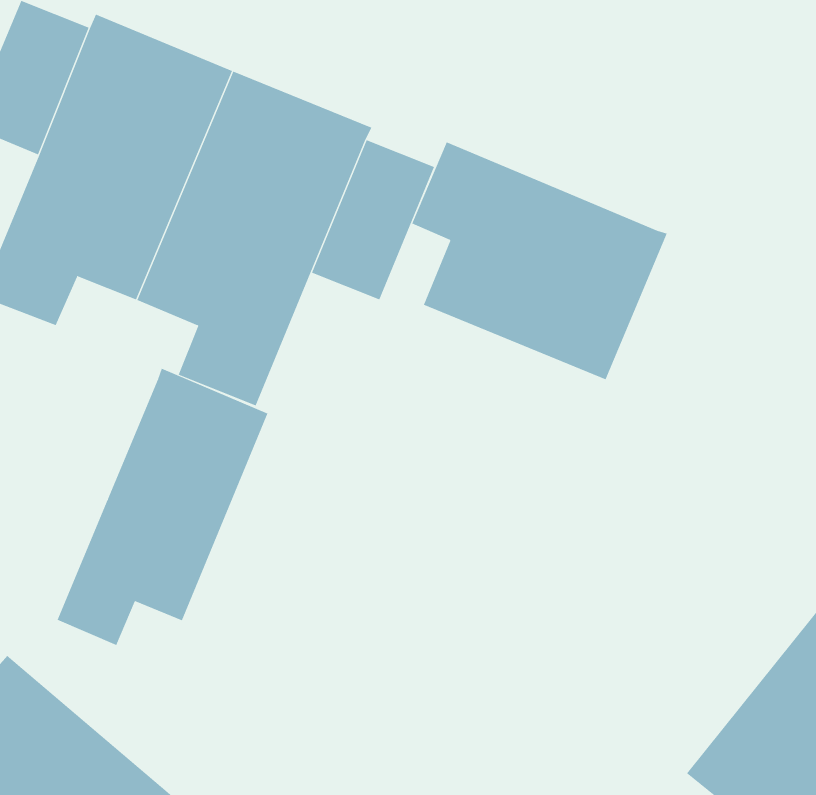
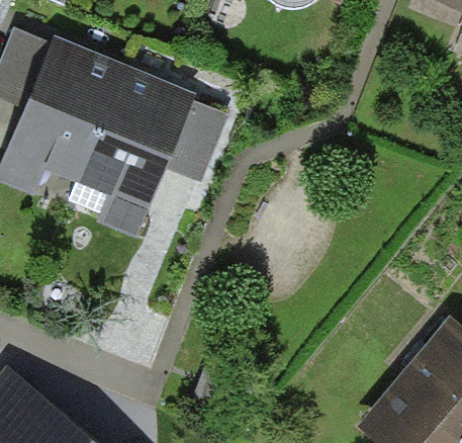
building: [411,142,668,380] -> none
building: [57,368,268,646] -> none

